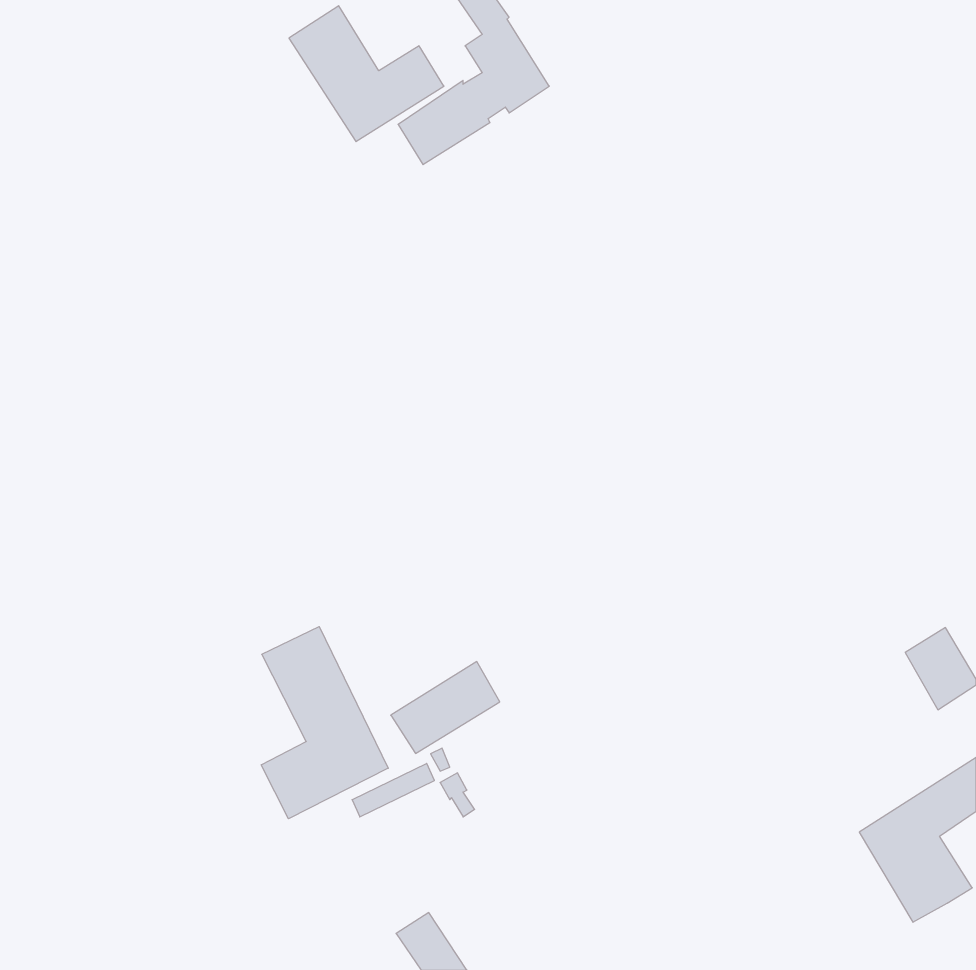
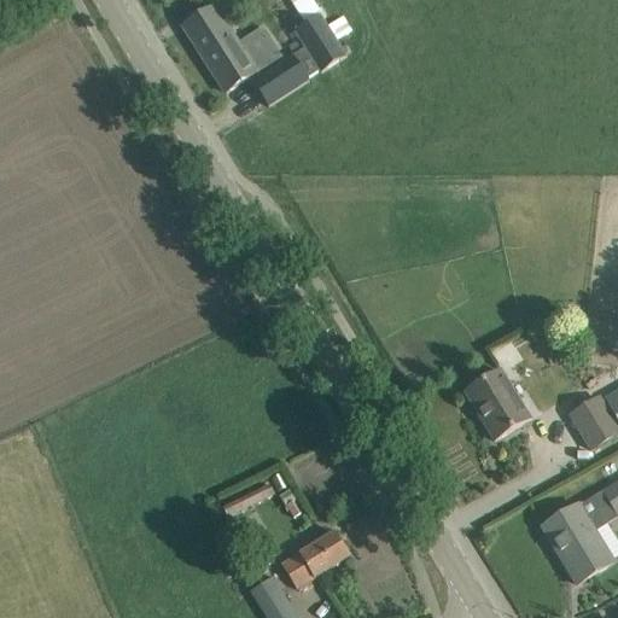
building: none -> [465,368,530,438]
building: [261,627,388,819] -> none
building: [391,662,500,753] -> [280,529,349,587]

